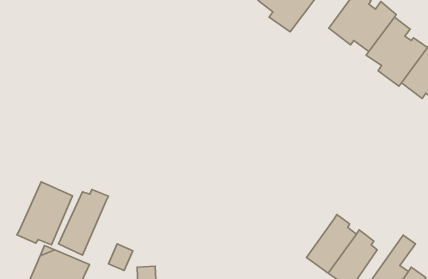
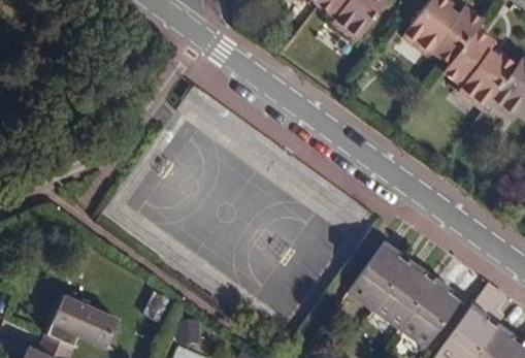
building: [17,182,73,245] -> none
building: [58,189,109,255] -> none
building: none -> [350,241,408,311]

